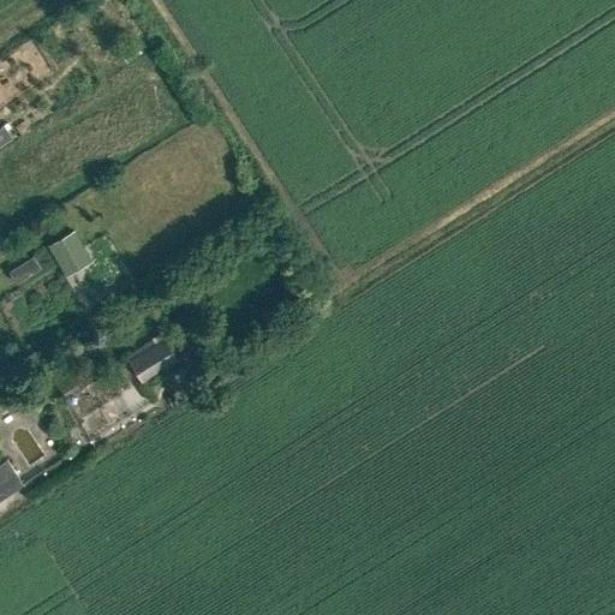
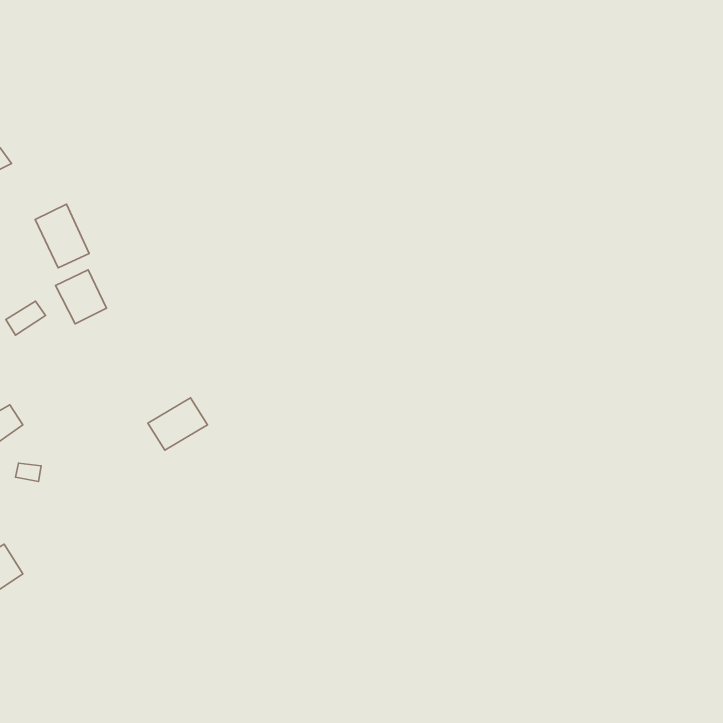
building: none -> [35,204,89,268]

